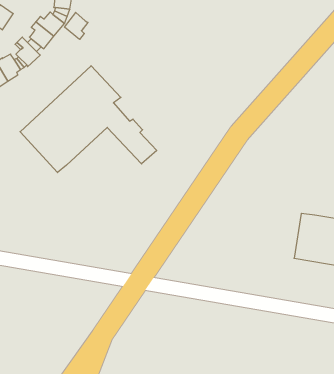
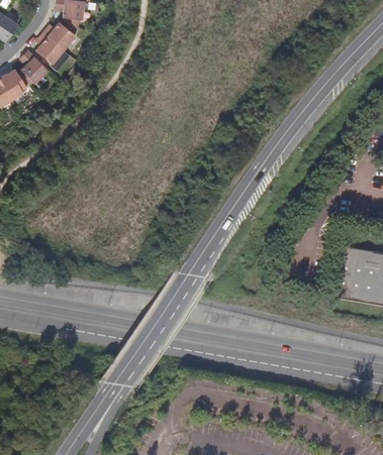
building: [64,12,88,39] -> none
building: [20,66,157,173] -> none

